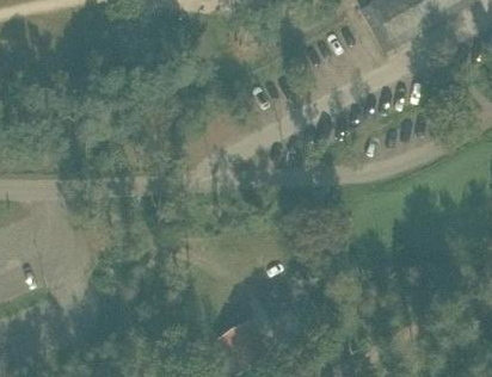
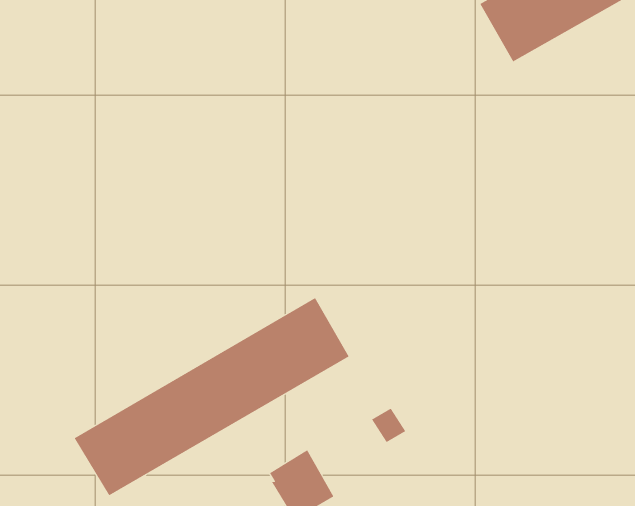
building: none -> [74,297,350,496]

